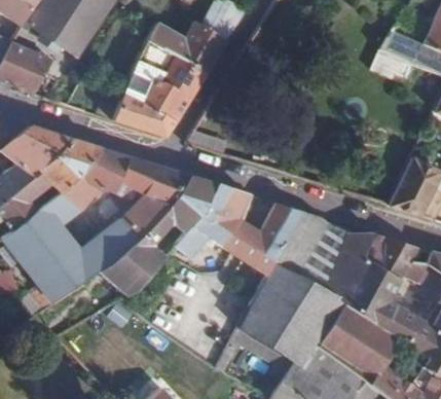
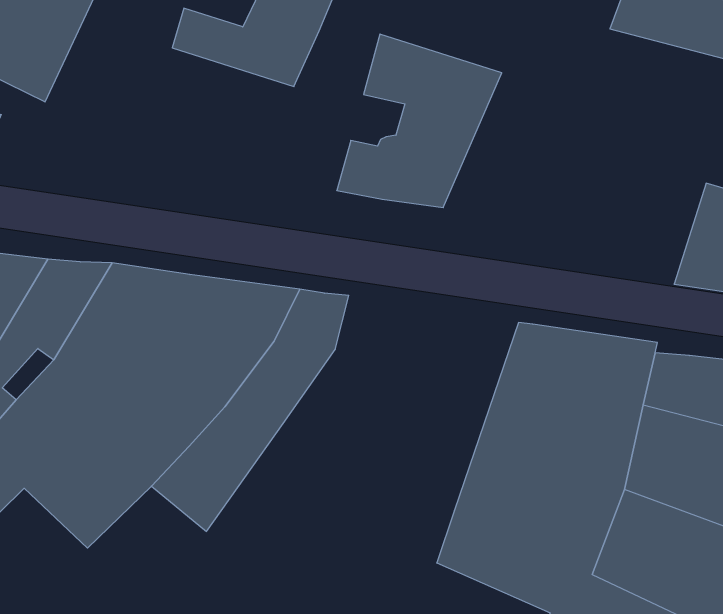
building: [111,41,206,136] -> [337,34,502,208]
building: [173,183,302,302] -> none

